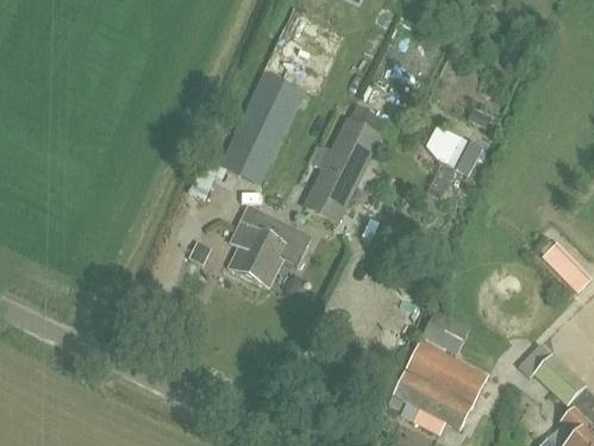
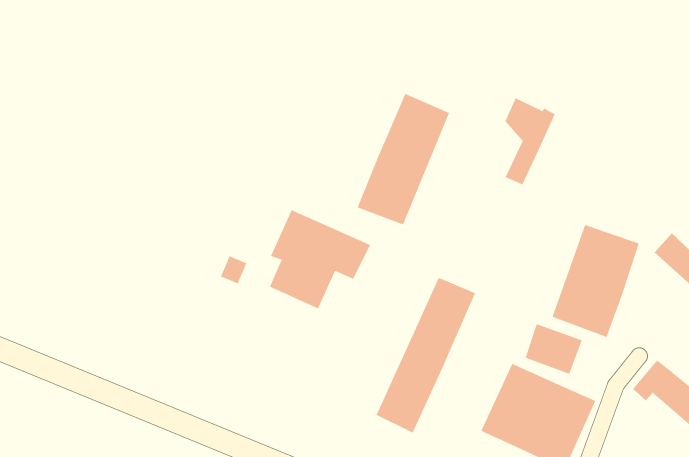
building: [206,74,304,183] -> none
building: none -> [552,224,640,338]
building: none -> [376,277,476,433]

